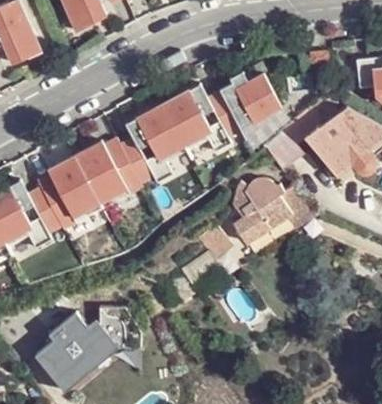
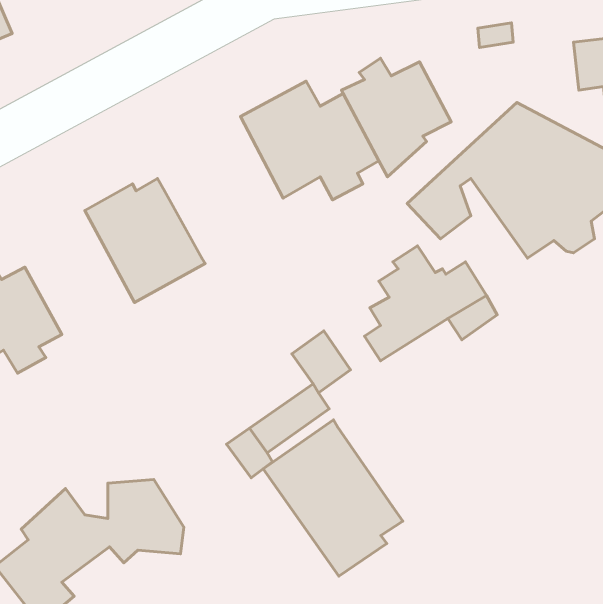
building: [126,101,193,181] -> none
building: [43,154,109,227] -> none
building: none -> [263,420,403,576]

